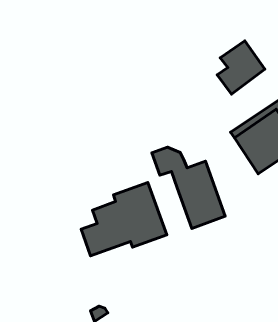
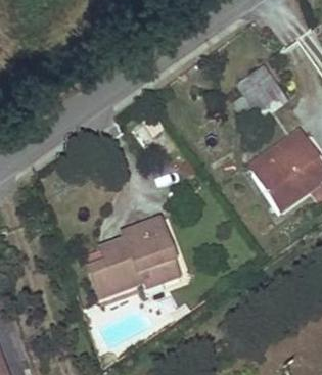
building: [152,147,225,229] -> none

